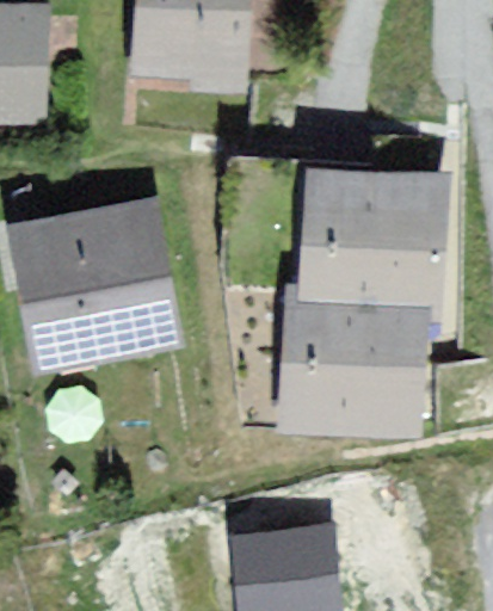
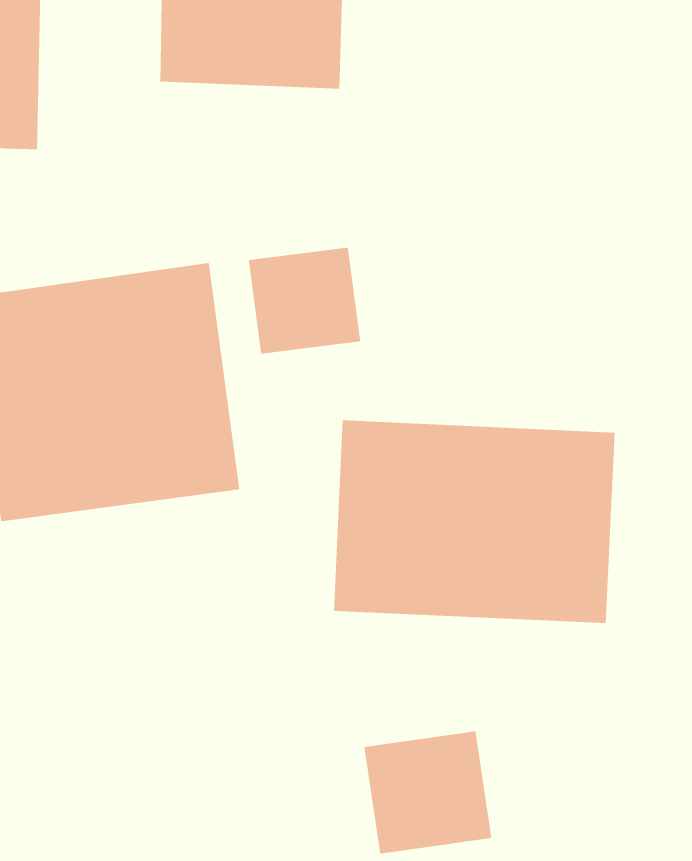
building: [294,162,455,307] -> none
building: none -> [248,247,361,355]

